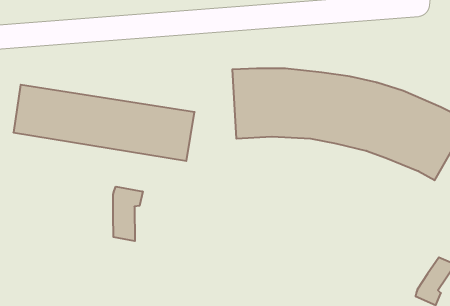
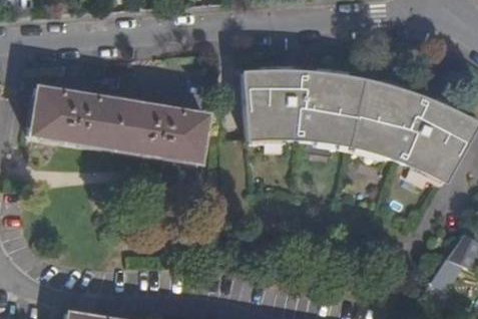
building: [113,187,143,241] -> none

